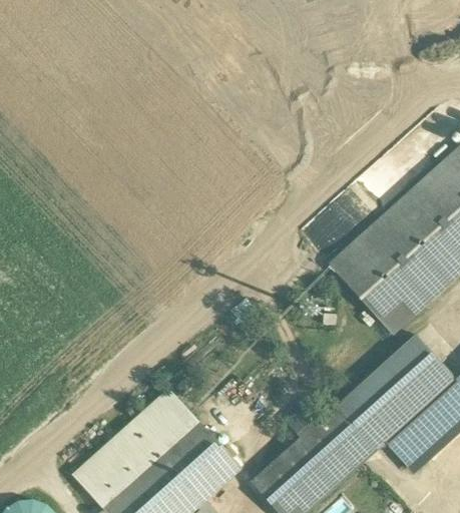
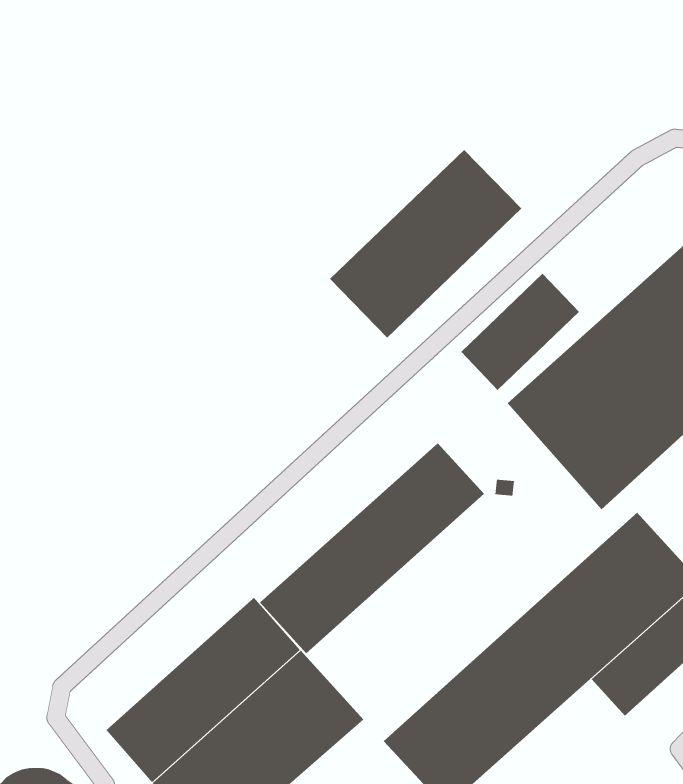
building: none -> [329,149,522,338]
building: none -> [259,442,485,654]

